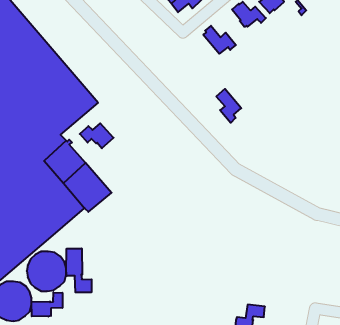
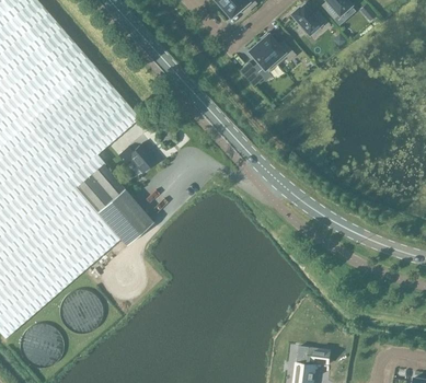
building: [216,89,241,123] -> [247,42,276,80]
building: [66,248,92,292] -> none
building: [32,292,62,317] -> none

